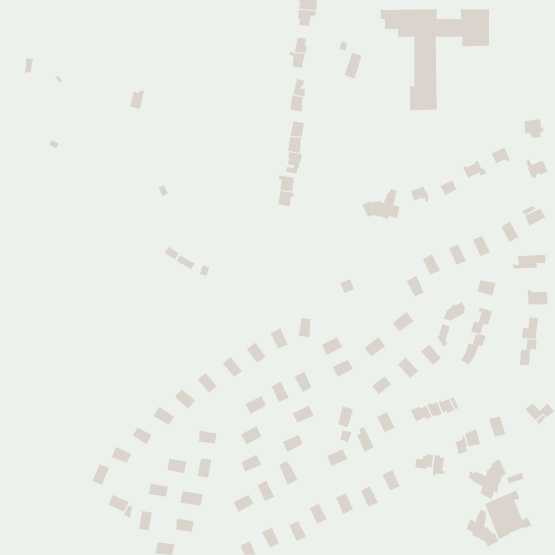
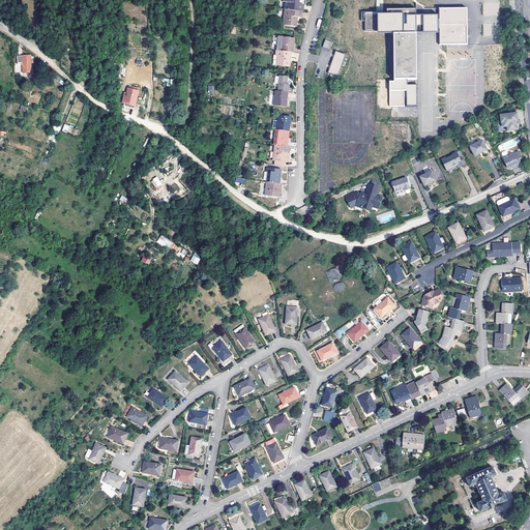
building: [468,458,507,500] -> none
building: [466,509,499,547] -> none

